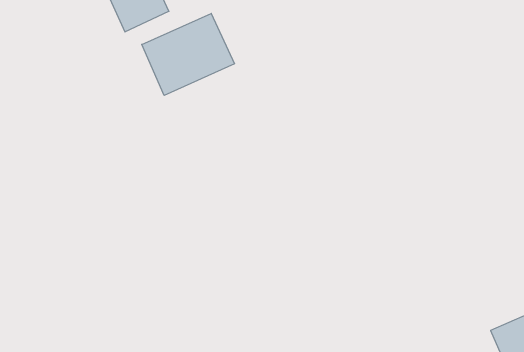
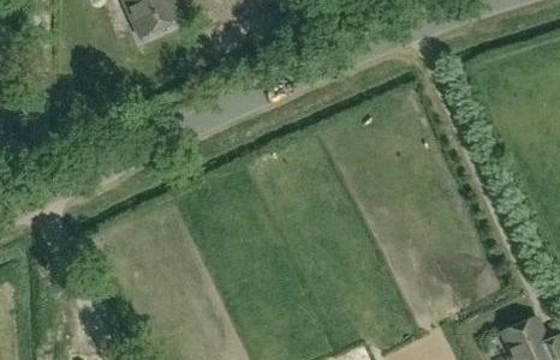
building: [142,13,234,95] -> none

